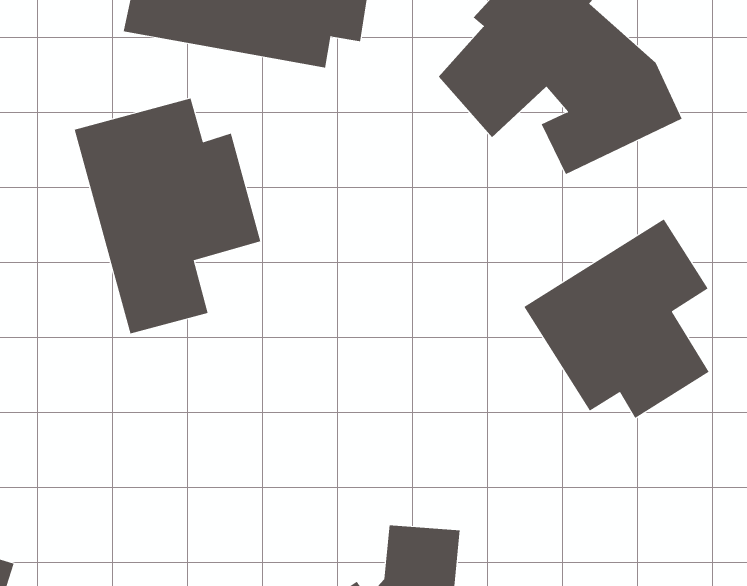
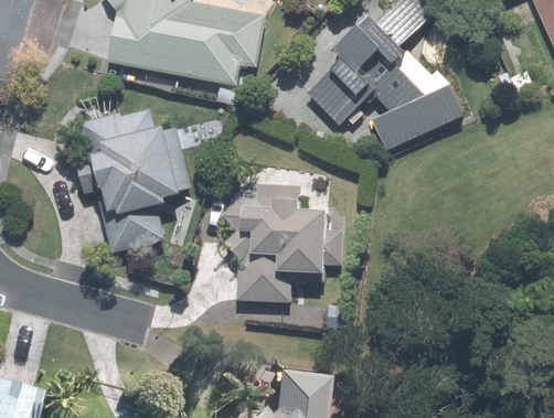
building: none -> [225,172,345,303]
building: [523,218,710,419] -> none

